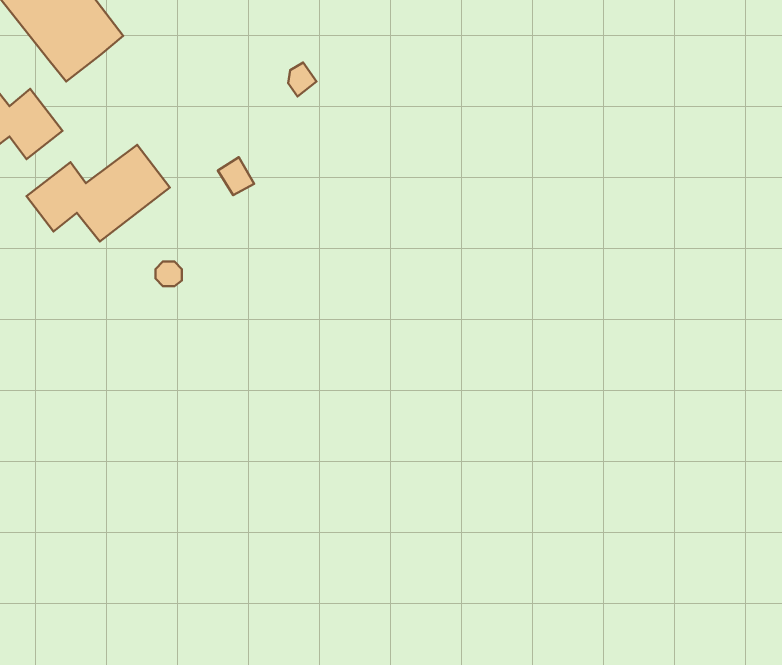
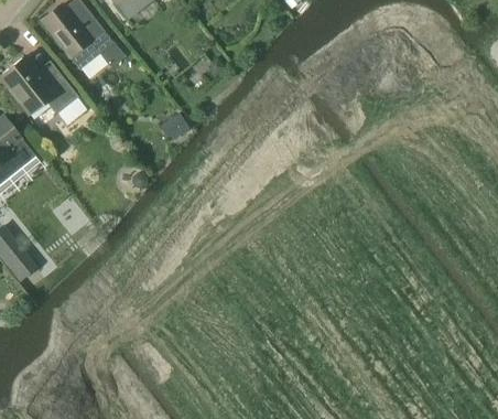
building: [27,145,170,242] -> none

